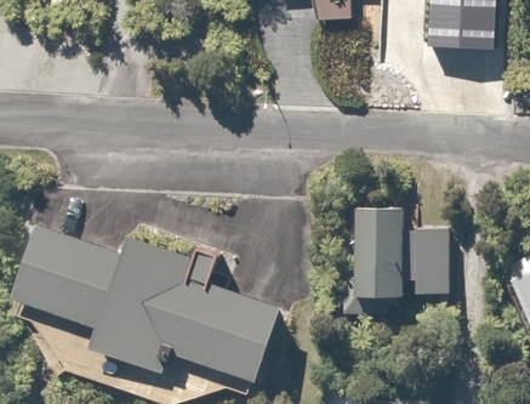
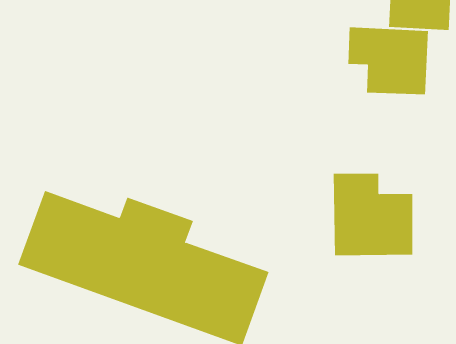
building: none -> [348,27,429,95]

